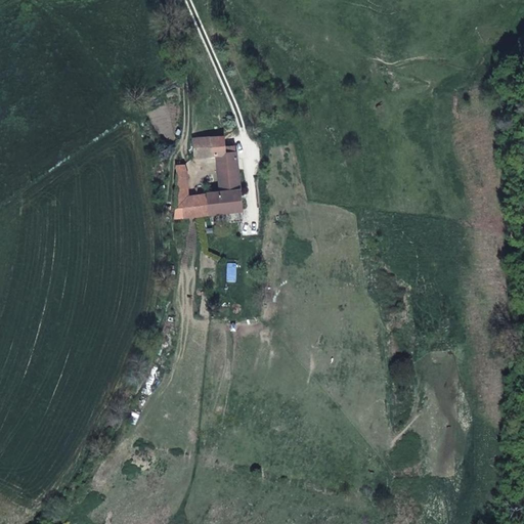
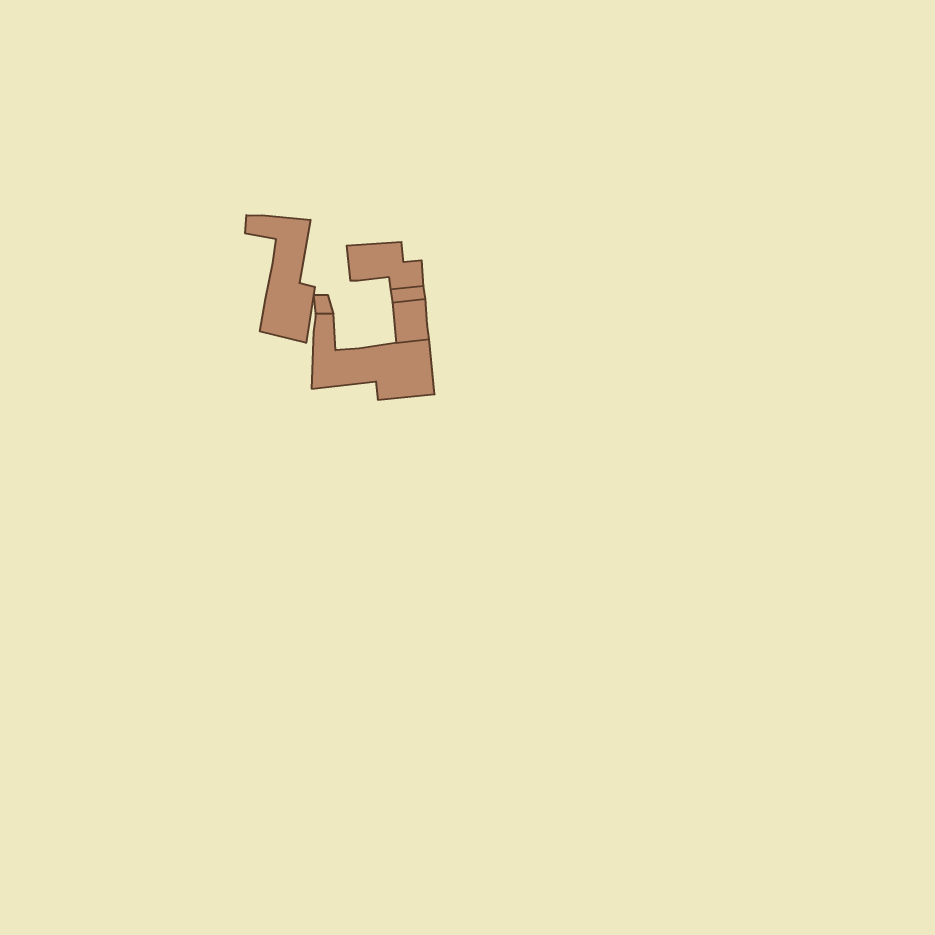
building: none -> [245,215,315,343]

